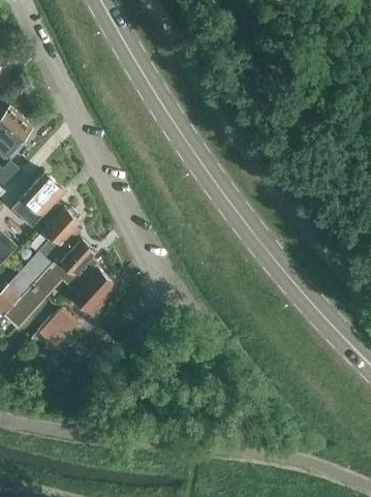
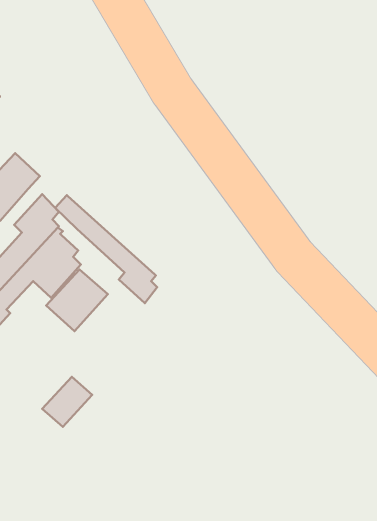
building: none -> [55,195,157,303]
building: [38,307,79,347] -> [42,377,92,427]

